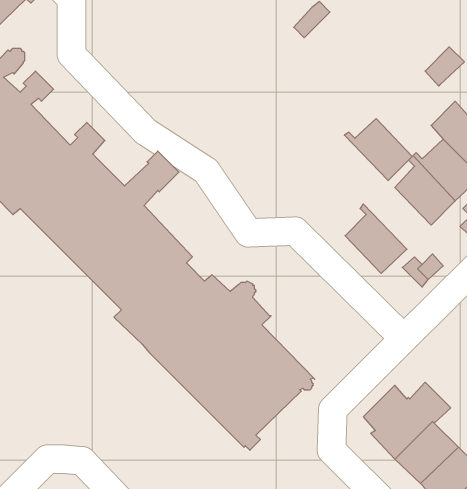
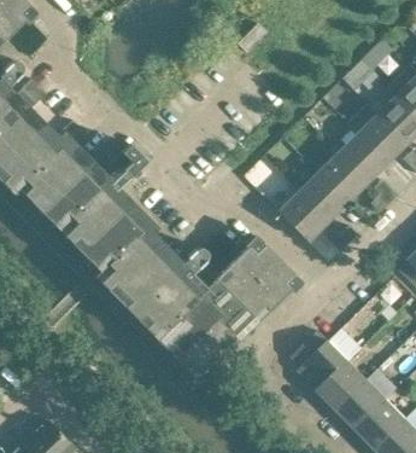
building: [344,119,412,181] -> [293,173,347,222]
building: none -> [212,236,303,326]

